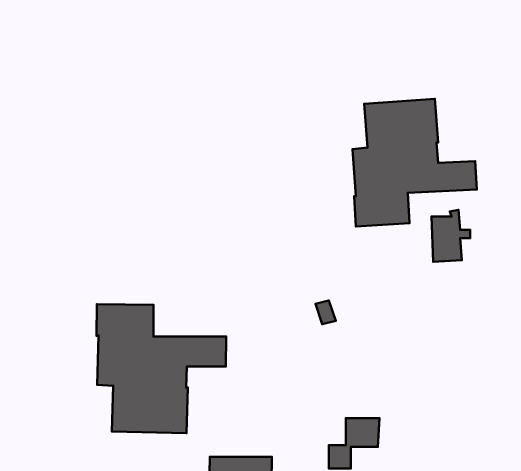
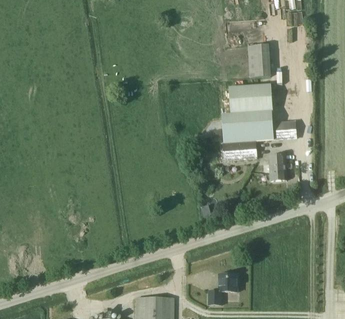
building: none -> [247,43,271,77]
building: [97,304,226,433] -> none

